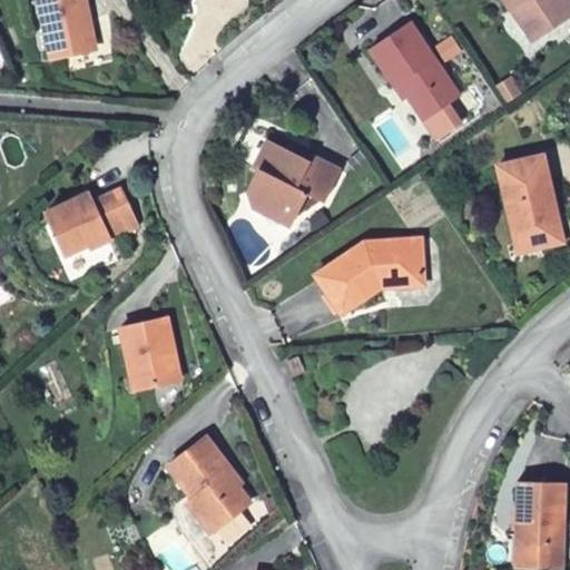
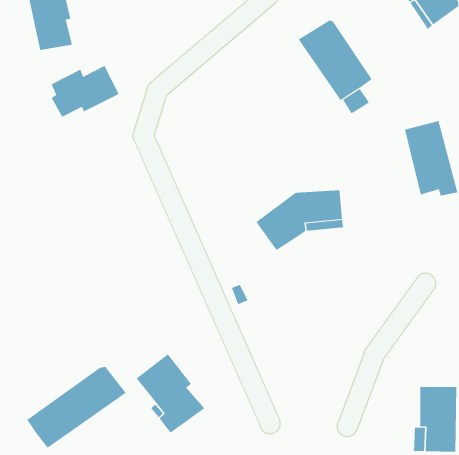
building: [252,144,344,227] -> none
building: [50,193,135,257] -> [51,65,119,117]
building: [119,320,181,393] -> none
building: none -> [27,366,127,449]

